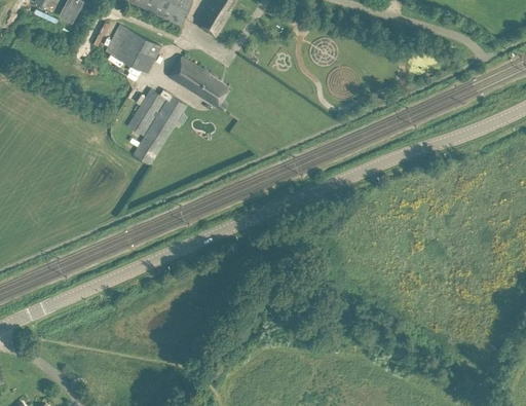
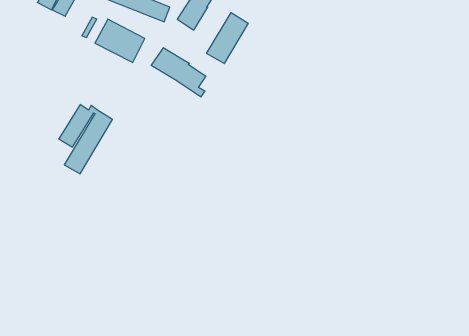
building: none -> [207,13,248,64]
building: [127,87,187,164] -> [59,105,112,174]

